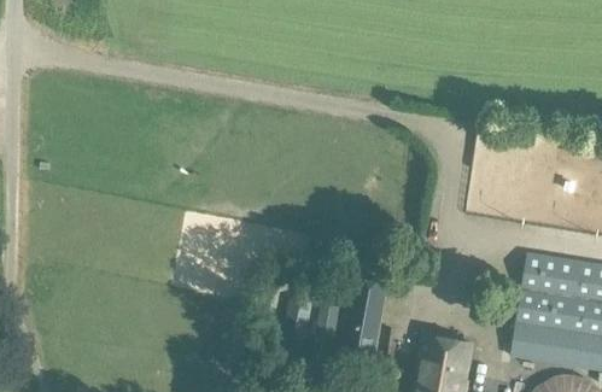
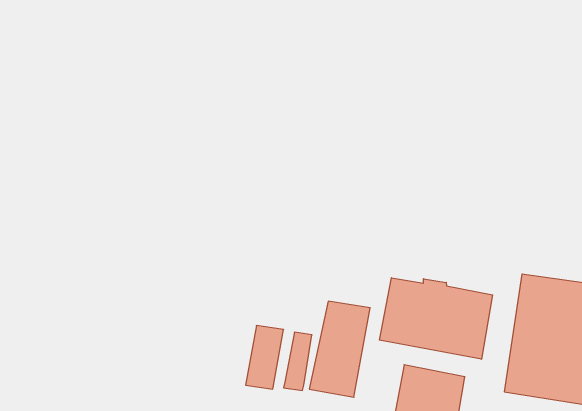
building: none -> [379,278,493,359]

